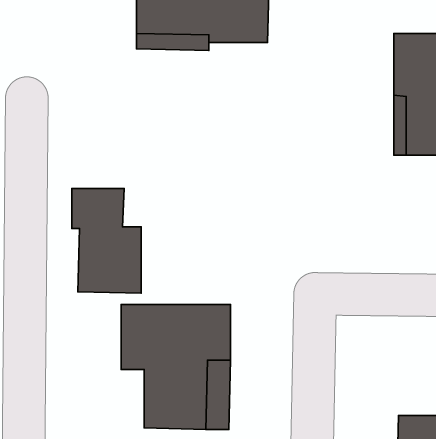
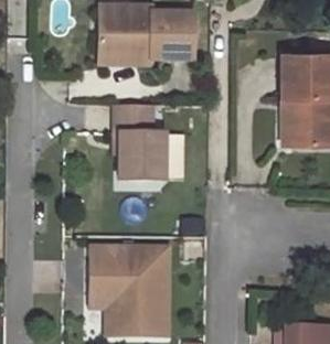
building: [72,188,141,293] -> [114,105,163,180]

